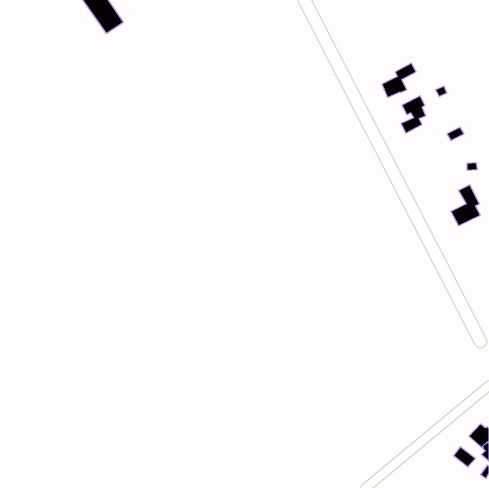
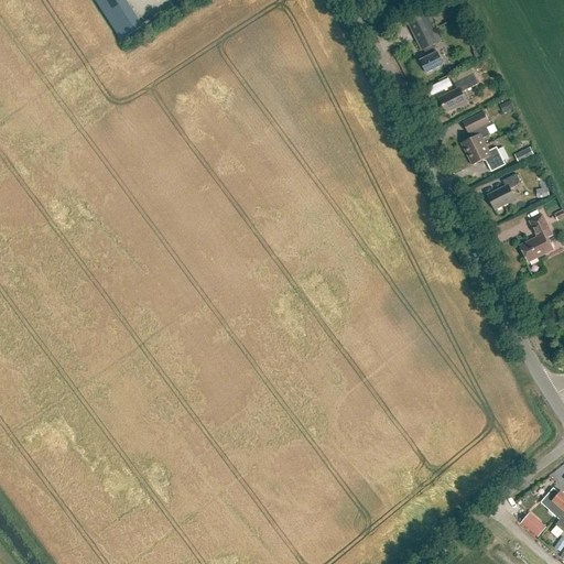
building: none -> [408,12,445,73]
building: none -> [467,143,506,171]
building: none -> [486,172,520,208]

